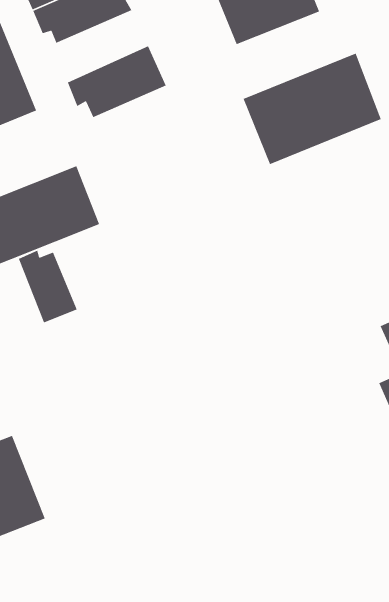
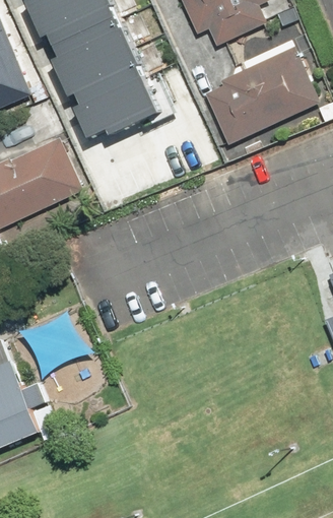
building: none -> [52,14,128,73]
building: none -> [76,76,159,133]
building: [18,249,78,323] -> none

